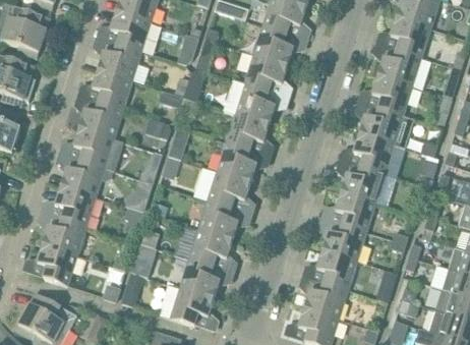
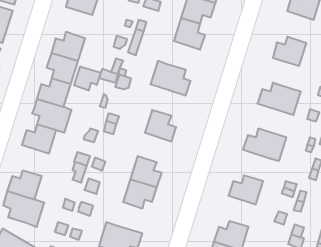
building: [111,11,151,51] -> none
building: [391,16,430,57] -> none
building: [244,54,287,91] -> none
building: [372,75,412,115] -> none
building: none -> [74,66,101,91]
building: [226,112,269,149] -> none
building: [354,133,405,176] -> none
building: [193,166,250,208] -> none
building: [56,185,96,225] -> none
building: [335,191,375,231] -> none
building: [317,249,357,289] -> none
building: [180,257,220,297] -> none

